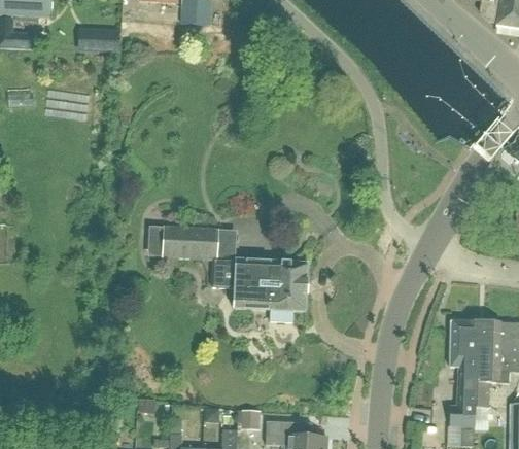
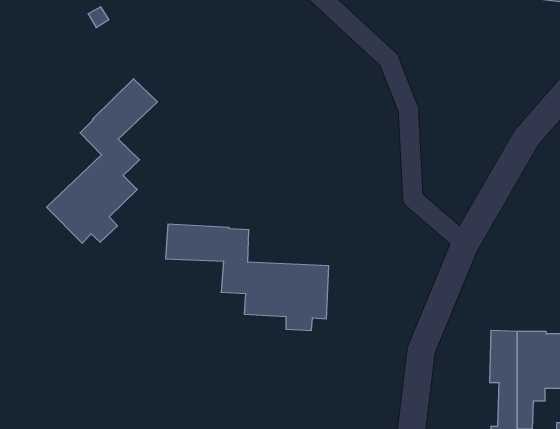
building: none -> [47,79,157,243]

